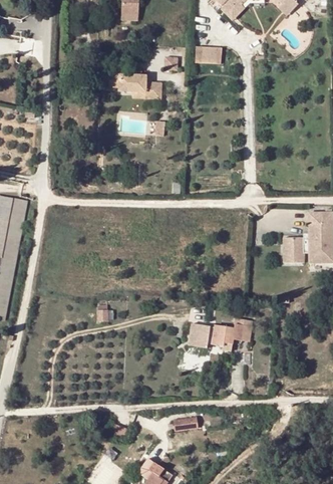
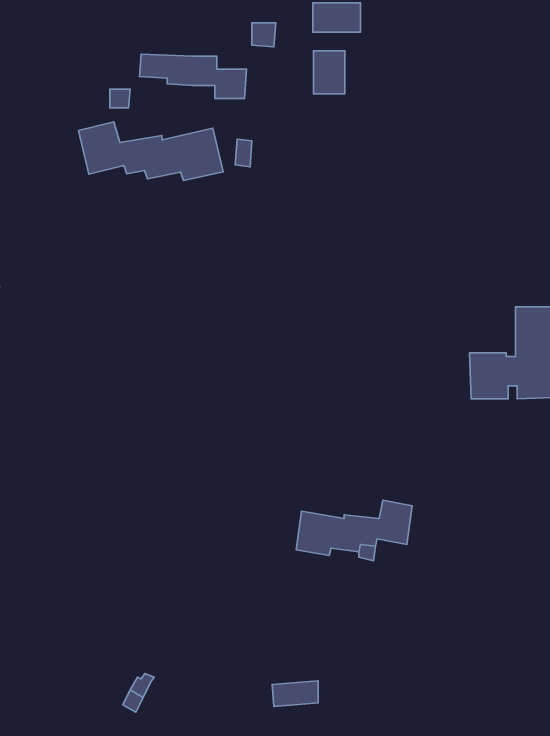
building: none -> [313,51,345,94]
building: none -> [78,122,223,181]

